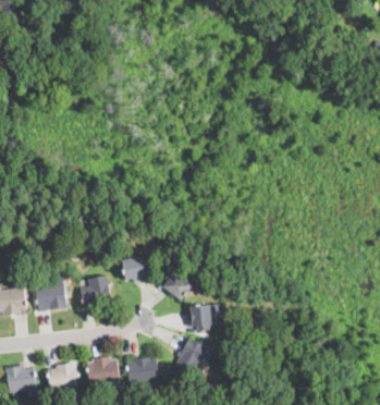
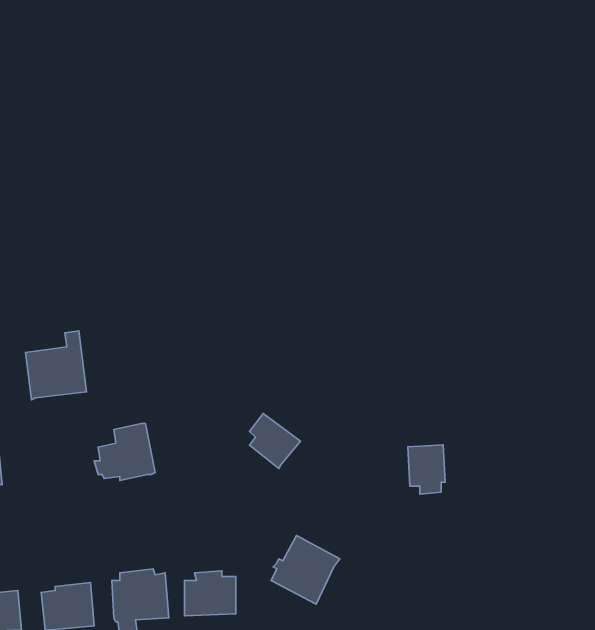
building: [121,256,150,281] -> none
building: [34,274,68,312] -> [26,331,87,400]
building: [191,304,211,331] -> [408,445,445,494]

